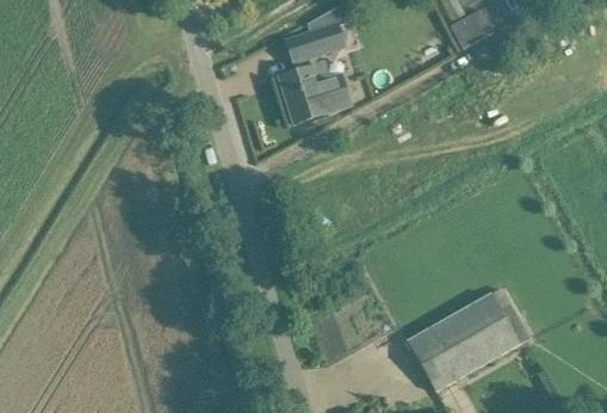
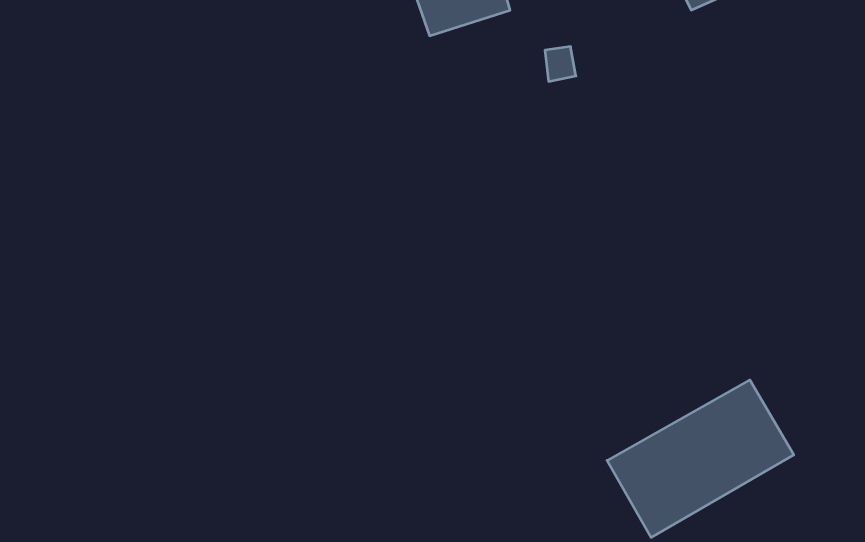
building: [279,62,349,122] -> none

